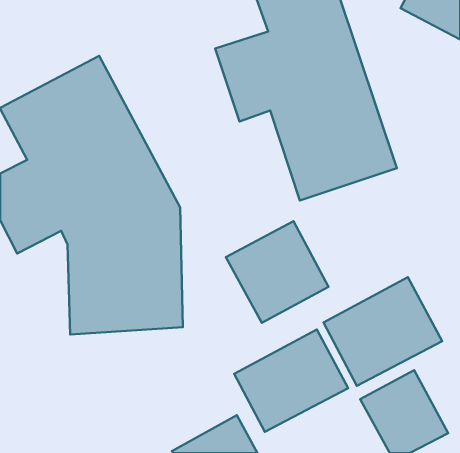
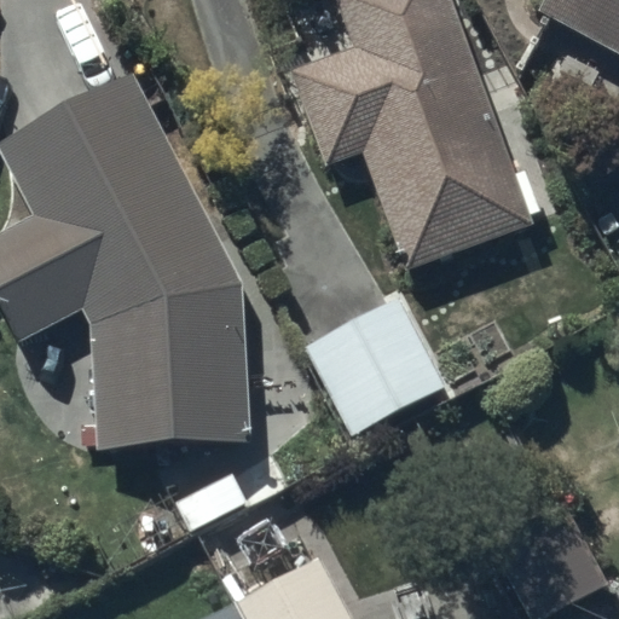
building: [323,277,442,386] -> none
building: [234,330,348,432] -> none

